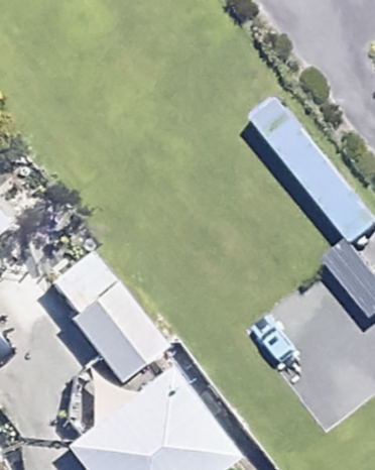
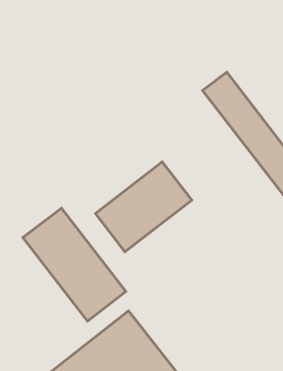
building: none -> [95,162,192,252]

